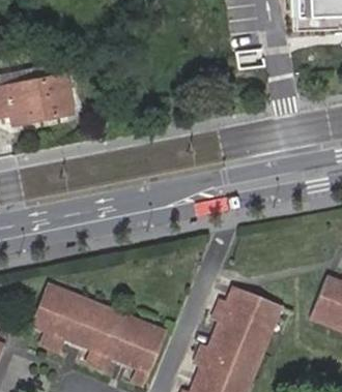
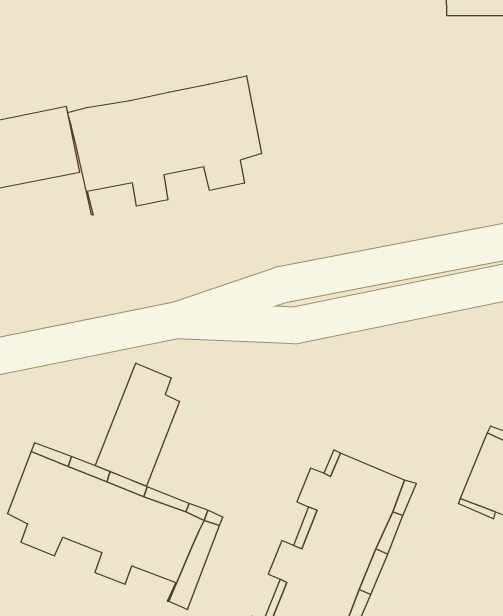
building: none -> [68,76,261,215]
building: none -> [95,363,180,486]

